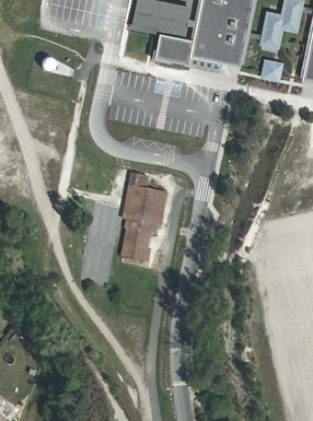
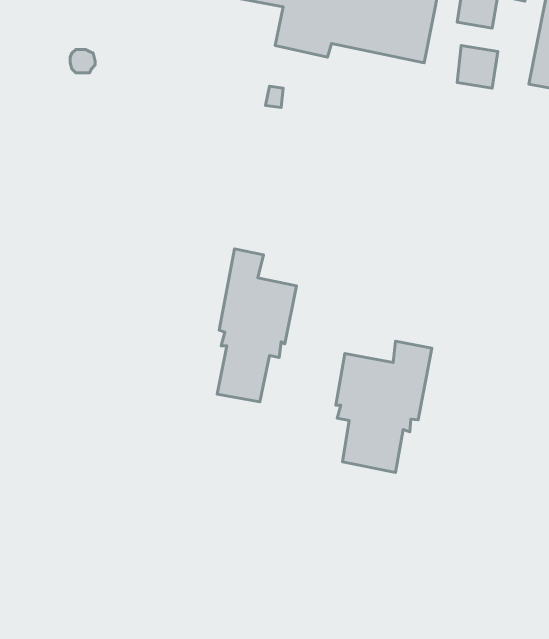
building: none -> [336,341,432,472]

